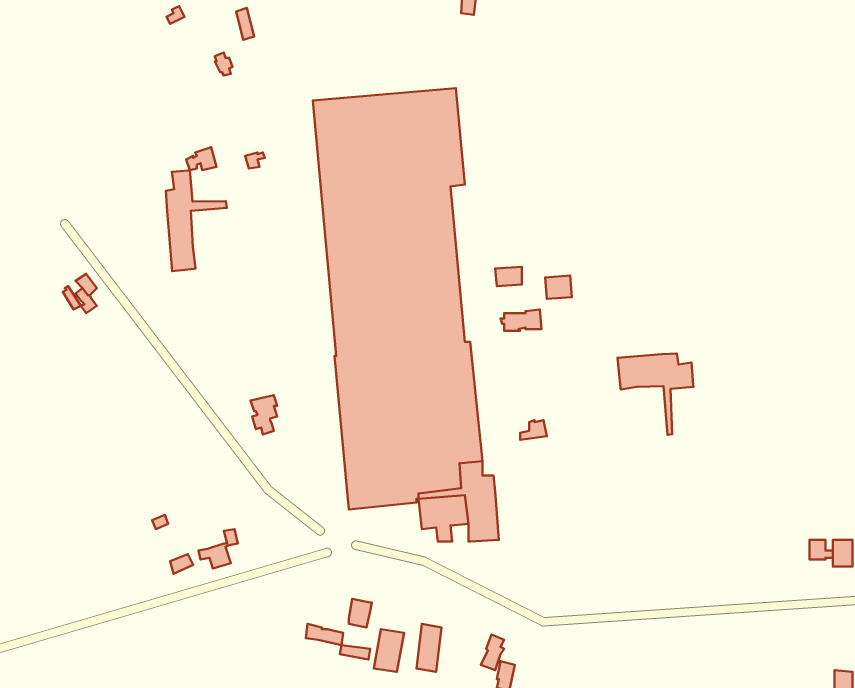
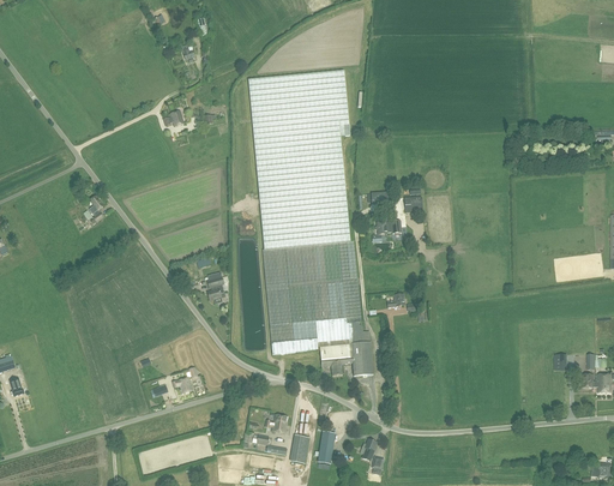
building: [166,170,227,271] -> none
building: [618,353,693,435] -> none

